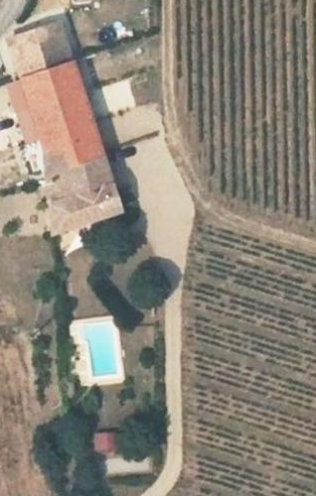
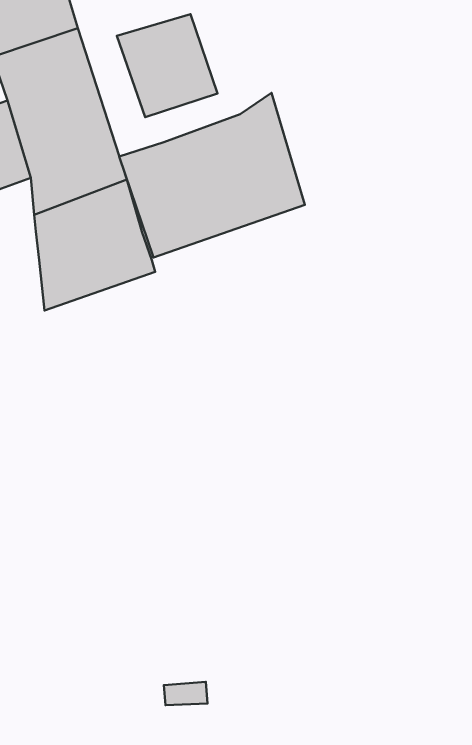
building: none -> [117,14,218,117]
building: none -> [119,93,305,258]

